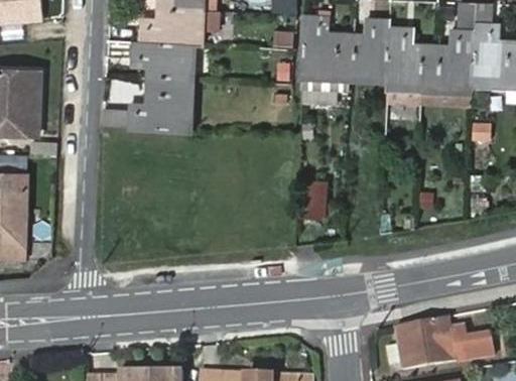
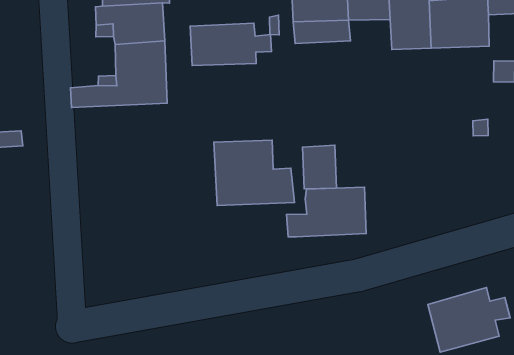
building: none -> [190,23,272,66]
building: none -> [214,140,295,206]
building: none -> [286,187,366,237]

